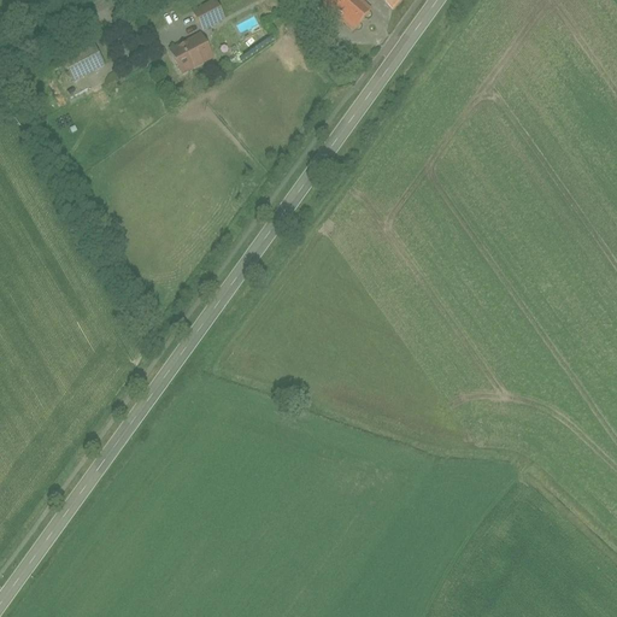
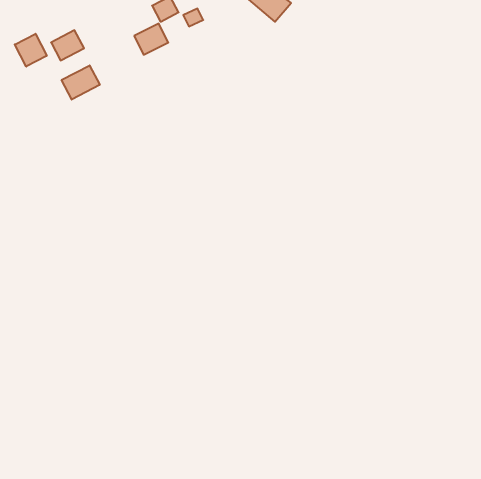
building: none -> [15,34,47,67]
building: none -> [62,65,100,100]

